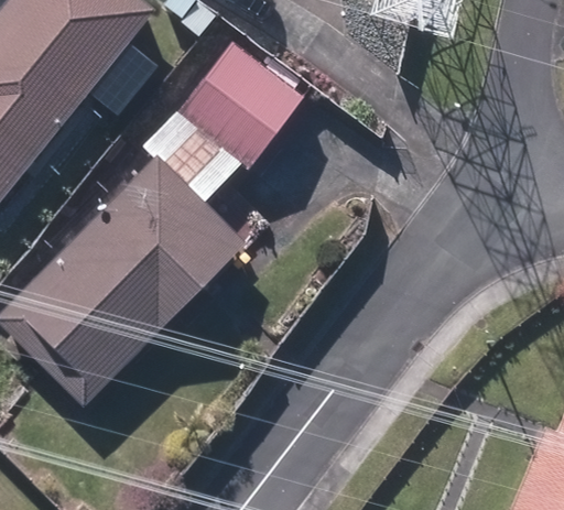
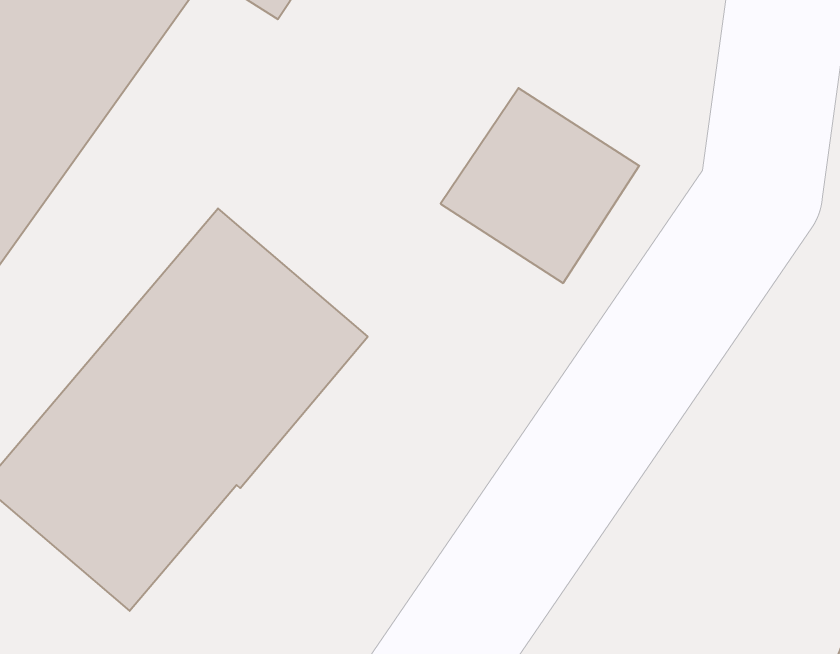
building: [176,41,304,166] -> [441,88,639,283]

